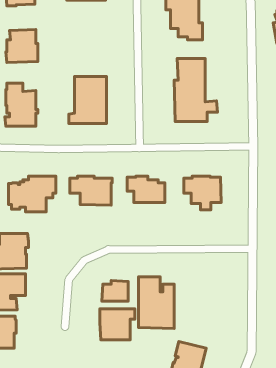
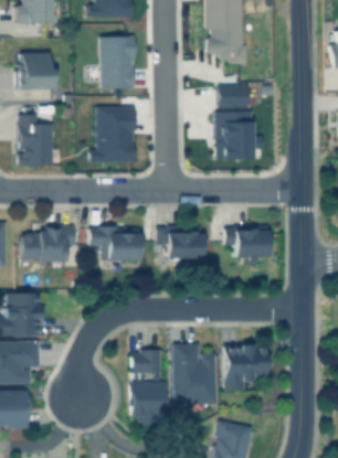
building: none -> [102,39,138,92]
building: none -> [223,343,268,391]

